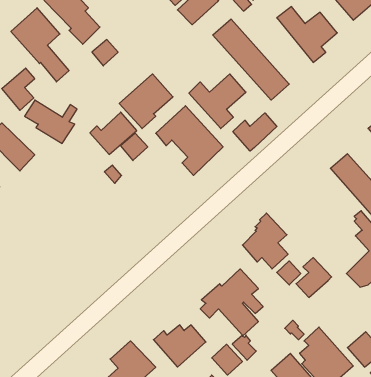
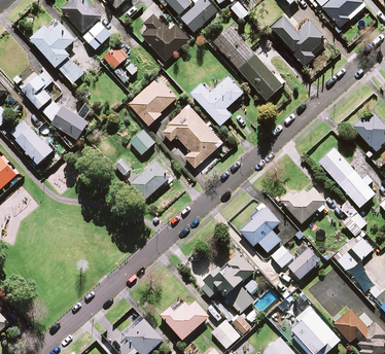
building: none -> [142,14,189,61]
building: [90,112,137,154] -> [128,161,170,199]
building: [233,113,277,151] -> none
building: none -> [281,187,325,222]

